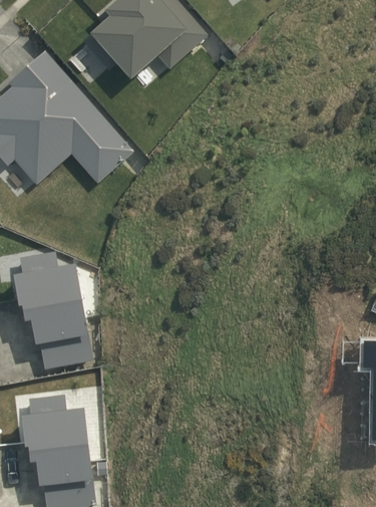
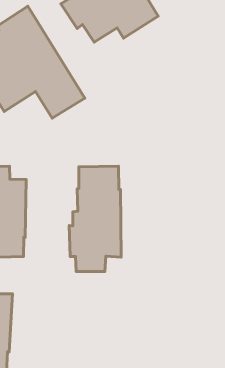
building: none -> [69,166,121,272]

